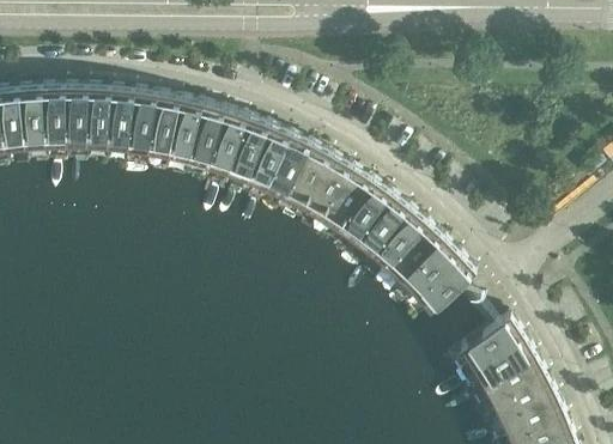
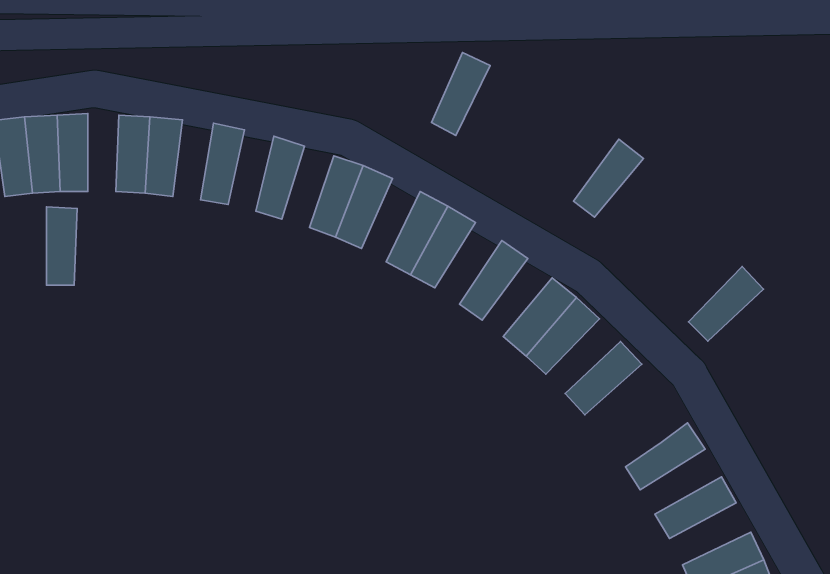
building: [66,87,89,145] -> [46,207,77,285]
building: [128,92,158,151] -> none
building: [169,99,202,159] -> none
building: [208,111,247,171] -> none
building: [267,135,310,196] -> [431,52,490,135]
building: [321,168,370,227] -> none
building: [356,194,407,251] -> [573,139,643,217]
building: [402,238,457,293] -> [688,266,763,341]
building: [472,334,532,382] -> none
building: [493,373,553,419] -> none

